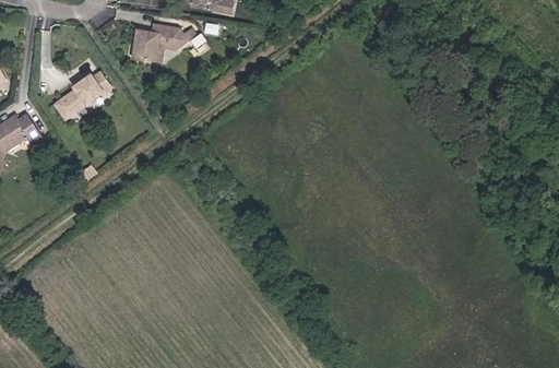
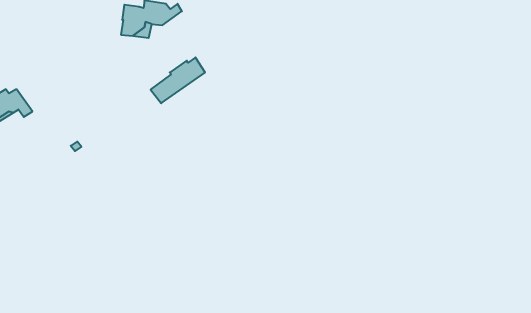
building: [55,71,110,118] -> [151,57,205,103]

